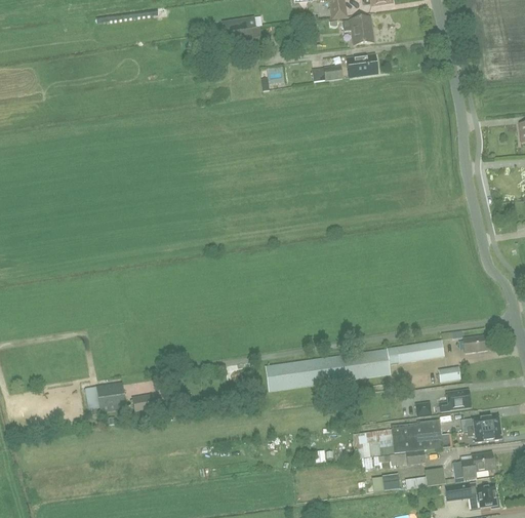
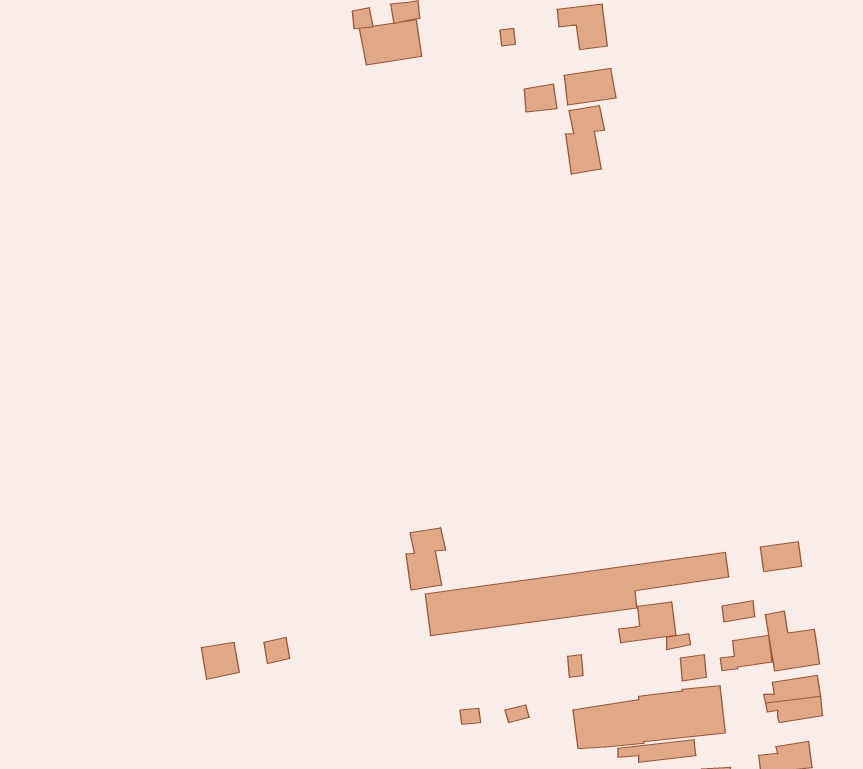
building: none -> [566,105,604,174]
building: none -> [406,528,445,590]
building: none -> [619,602,676,643]
building: none -> [766,611,819,671]
building: [84,382,125,413] -> none

